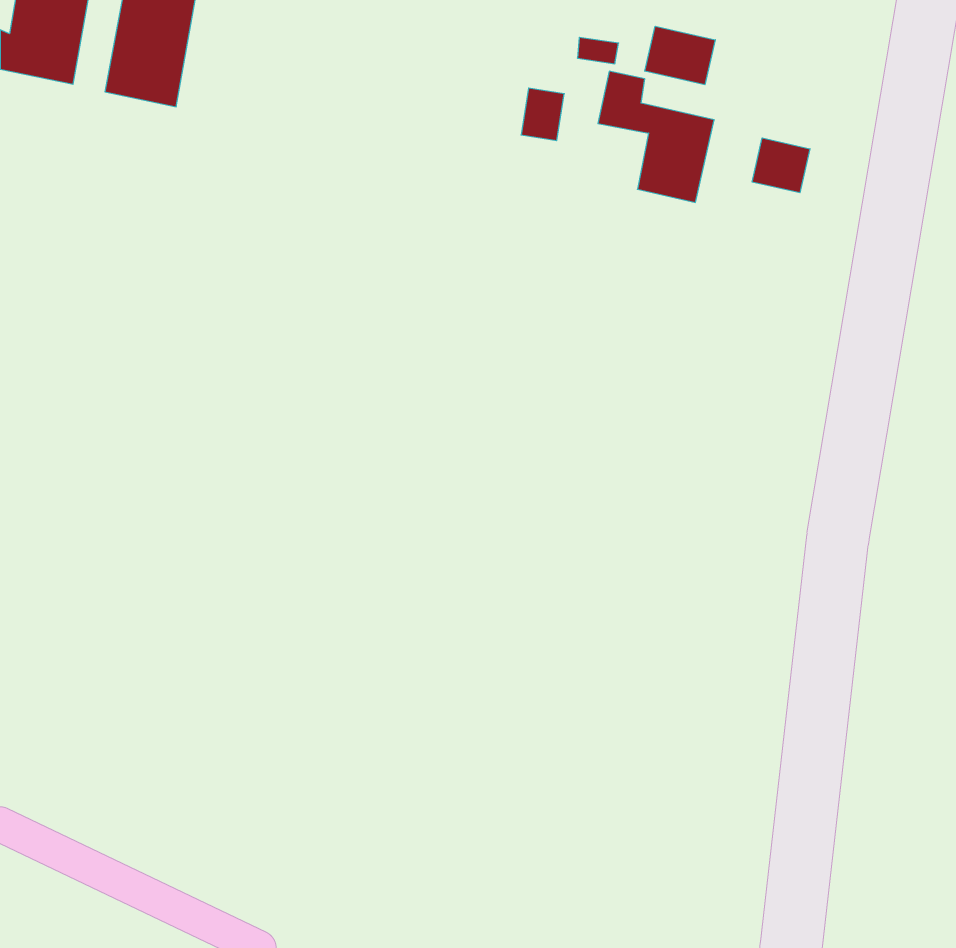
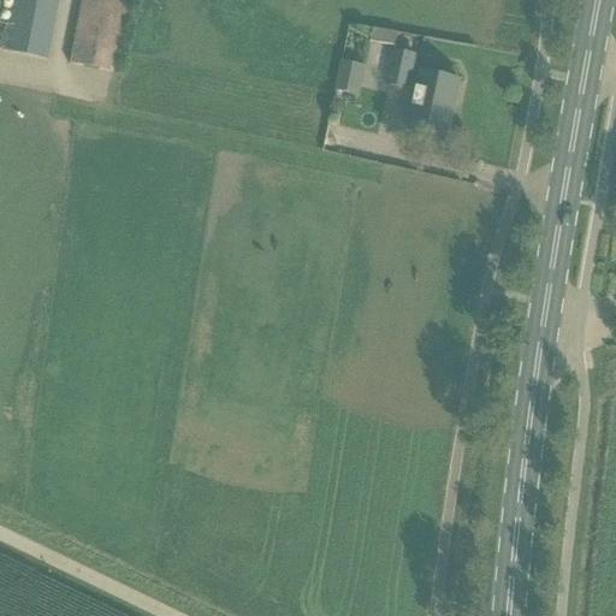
building: [645,26,715,85] -> none
building: [752,138,810,193] -> none

